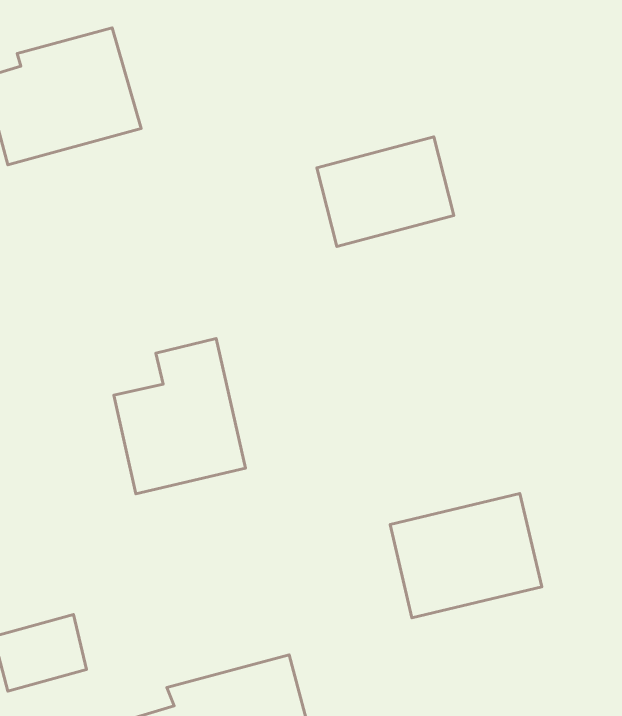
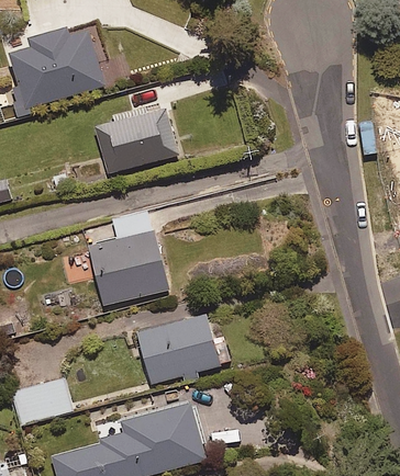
building: [317,137,454,246] -> [96,107,178,173]
building: [390,494,542,618] -> [129,315,220,389]

